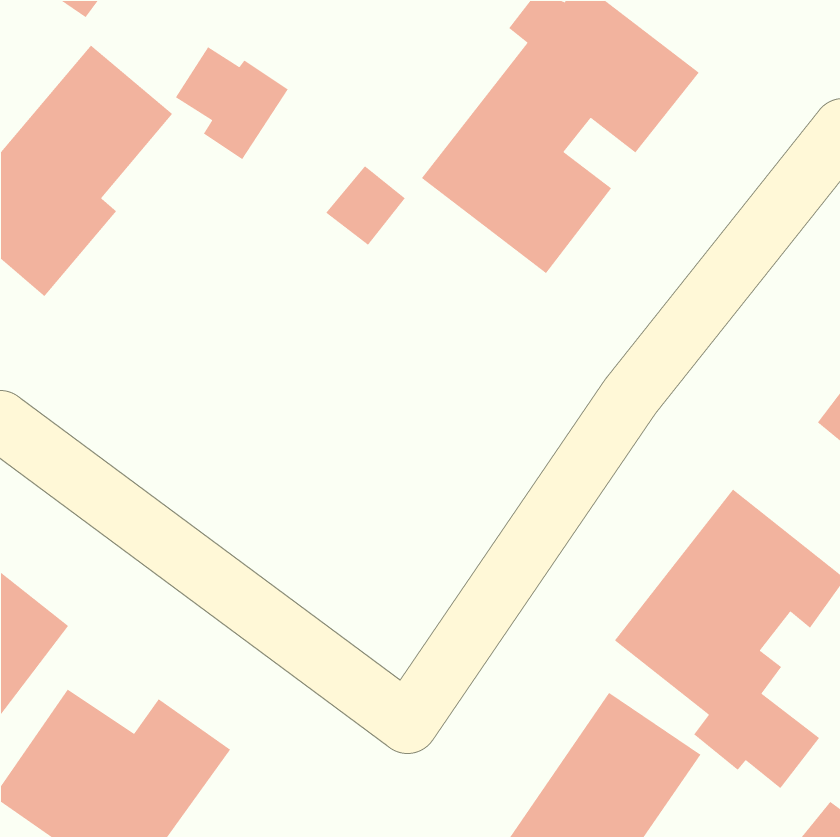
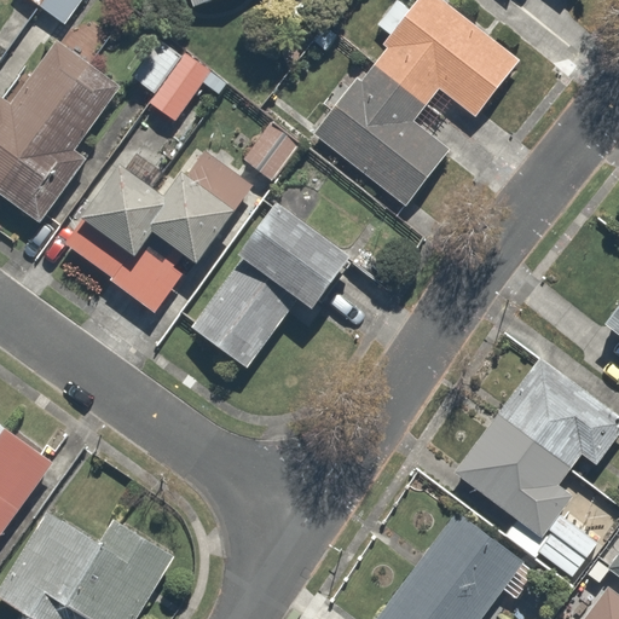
building: none -> [58,150,254,318]
building: none -> [186,196,355,366]

